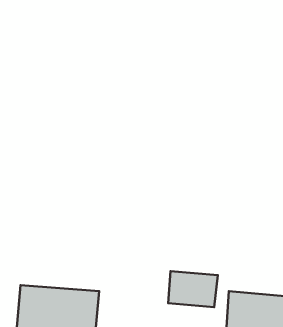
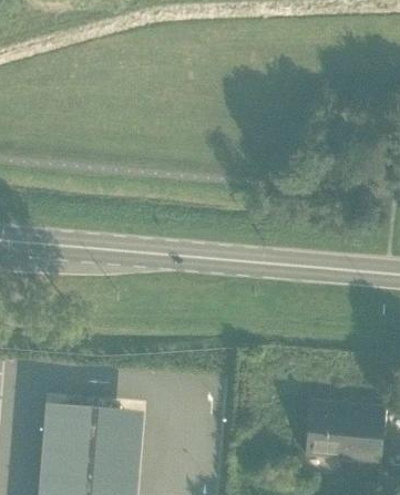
building: [168,271,218,307] -> none

